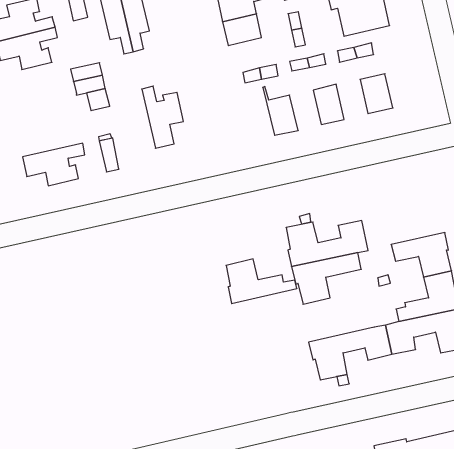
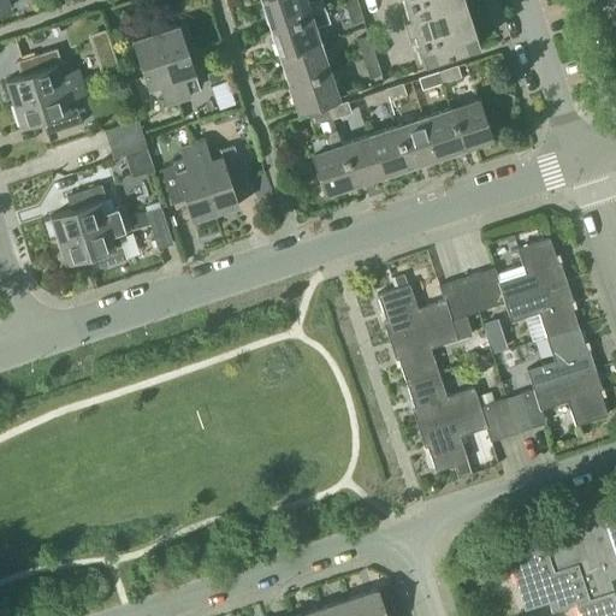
building: none -> [290,72,338,114]
building: none -> [422,111,463,160]
building: none -> [313,131,355,196]
building: none -> [160,147,215,223]
building: none -> [368,129,409,178]
building: none -> [51,186,129,241]
building: none -> [468,239,568,313]
building: [226,259,297,304] -> [408,373,494,428]

